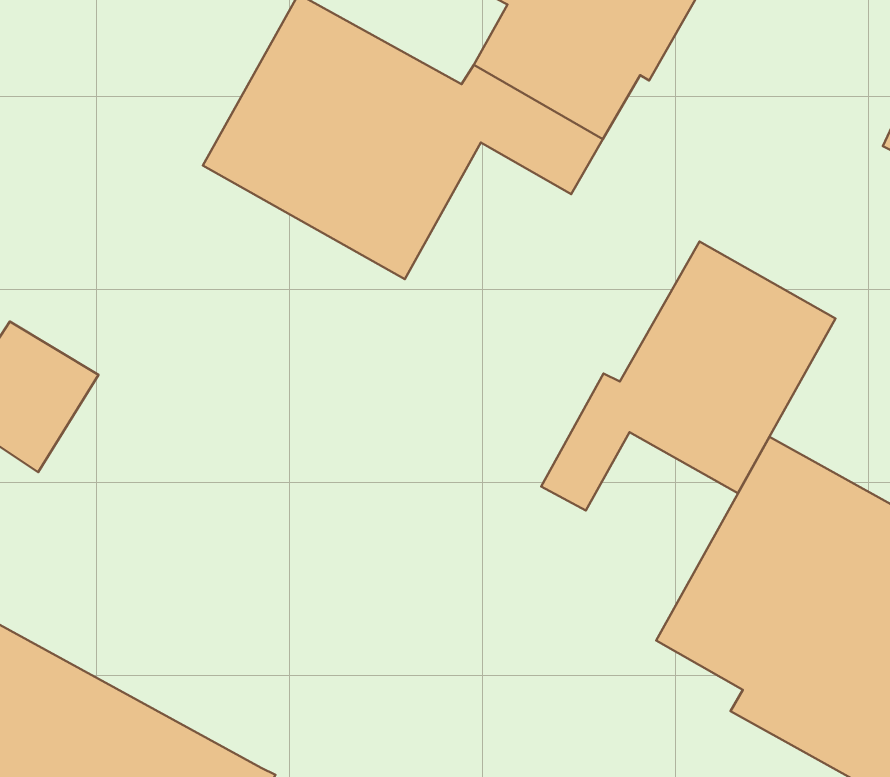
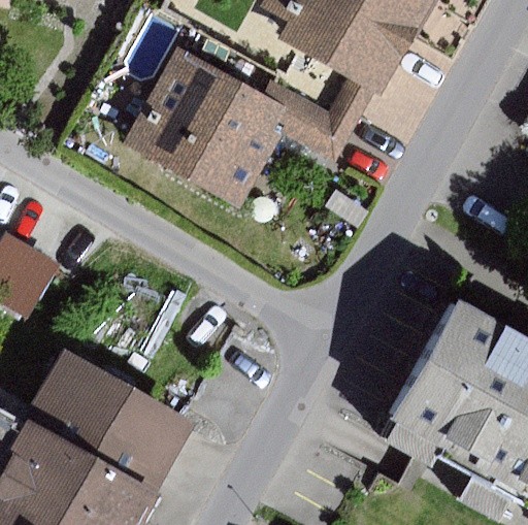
building: [541,241,836,511] -> none
building: none -> [26,350,195,494]

